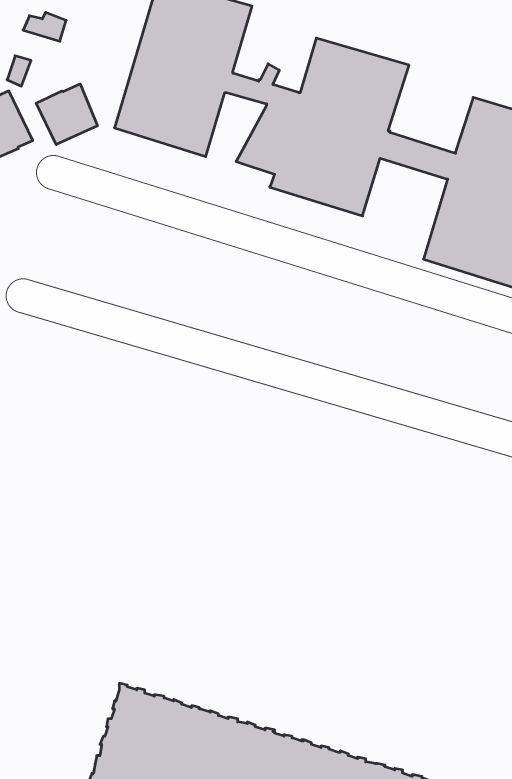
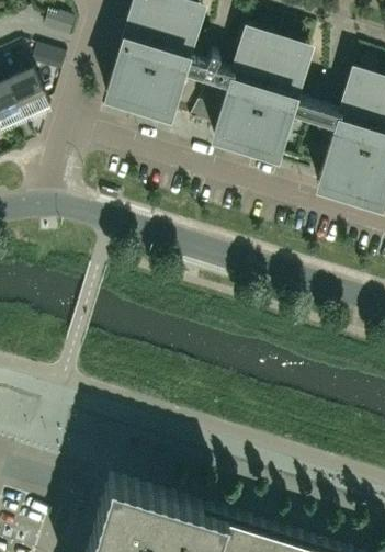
building: [36,84,97,145] -> none

